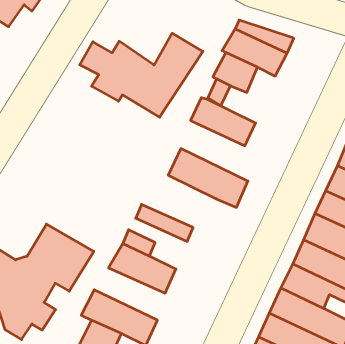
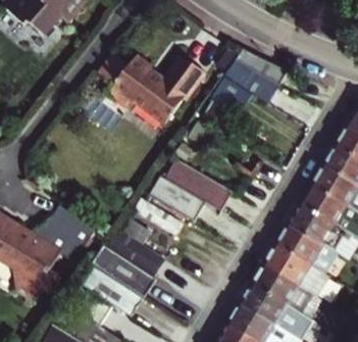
building: [191,98,256,146] -> [151,174,206,218]
building: none -> [90,246,158,298]

